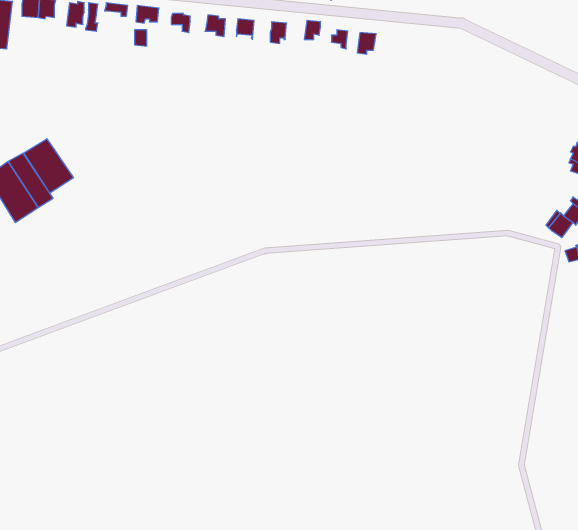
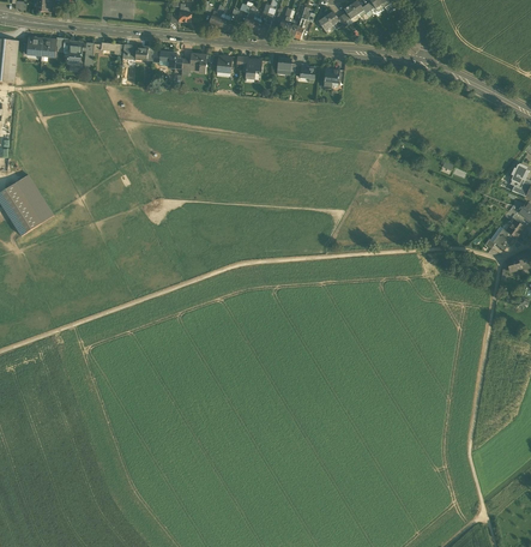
building: [24,139,73,193] -> none

